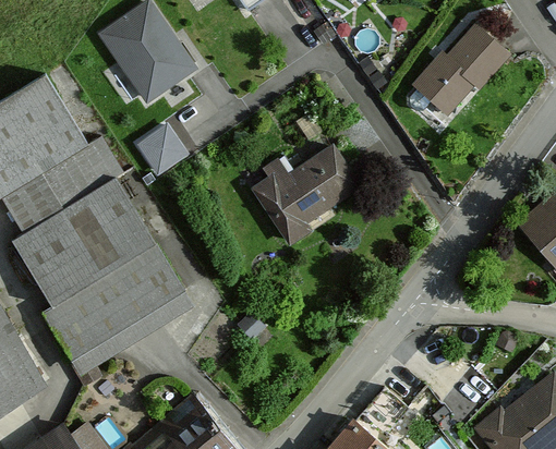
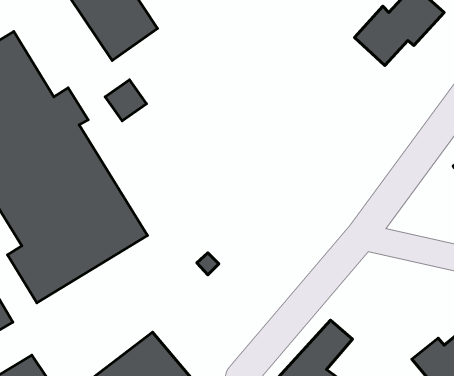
building: [256,146,360,242] -> none

